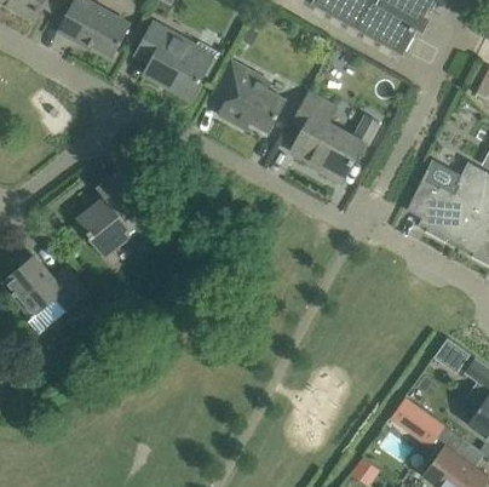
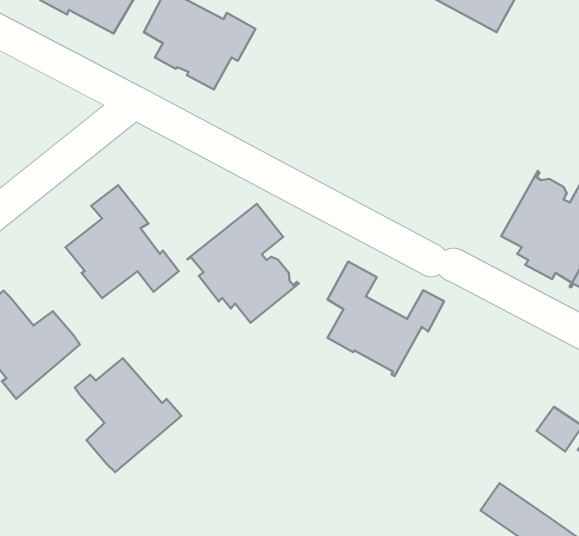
building: [213,59,286,132] -> none
building: [292,92,380,179] -> [328,261,444,376]
building: none -> [187,204,299,323]
building: none -> [75,358,181,472]

